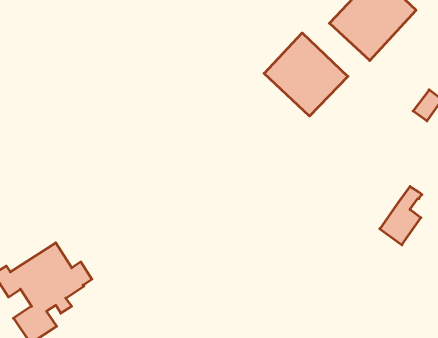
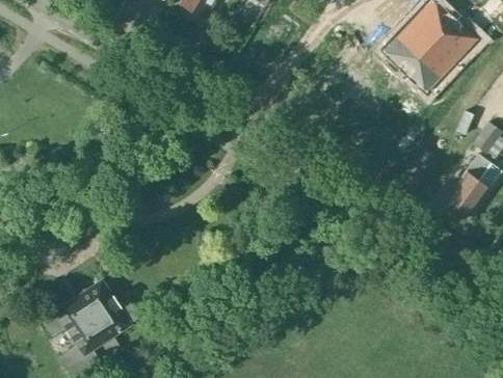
building: [264,33,348,116] -> none
building: [380,186,422,245] -> [447,154,491,214]

